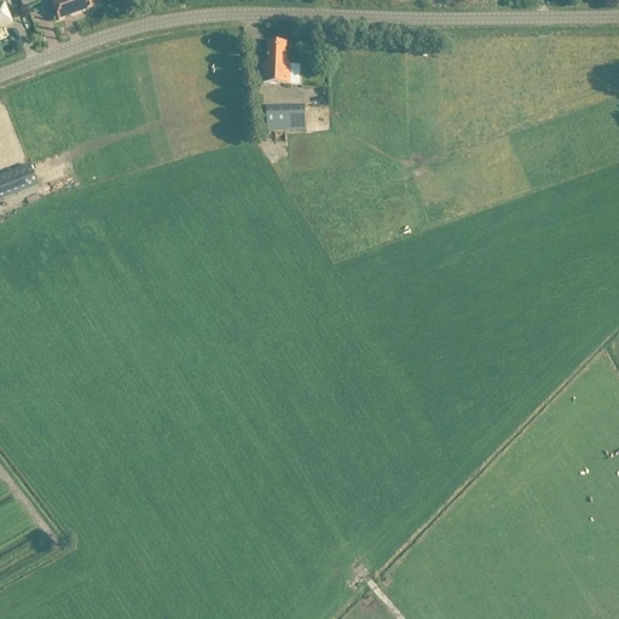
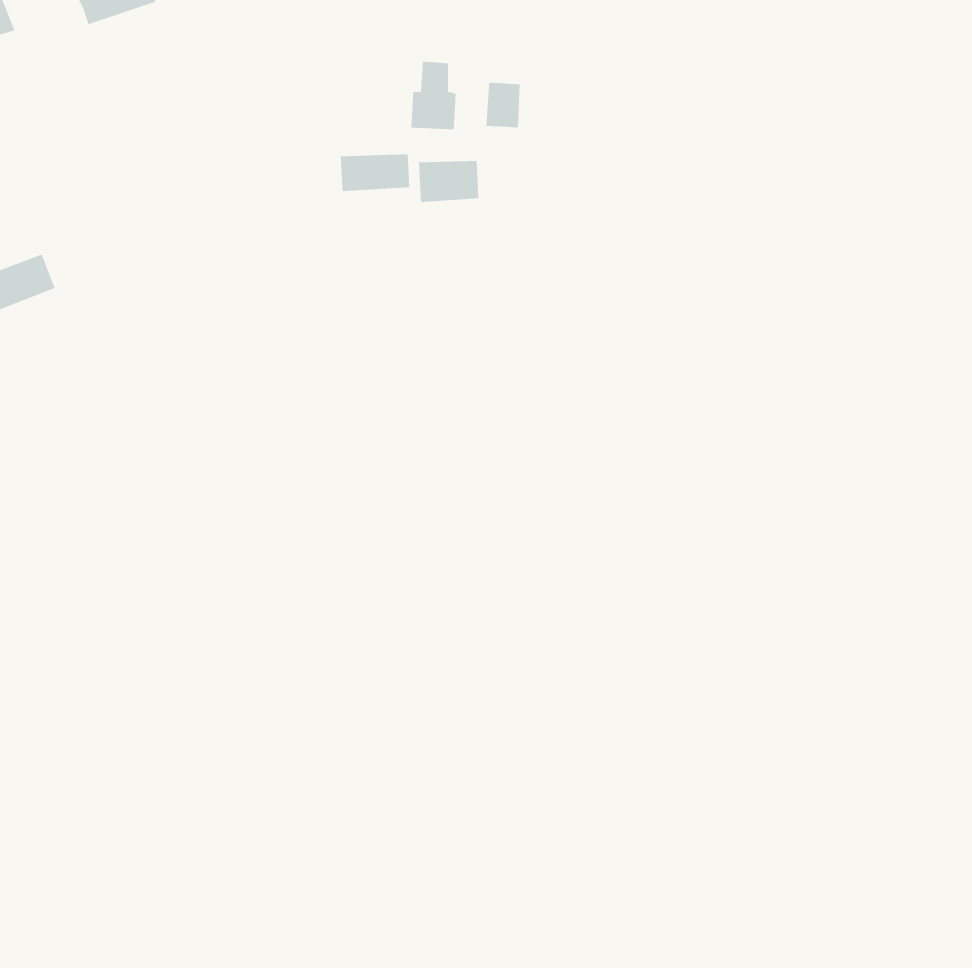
building: none -> [486,82,520,128]
building: none -> [340,153,410,192]

